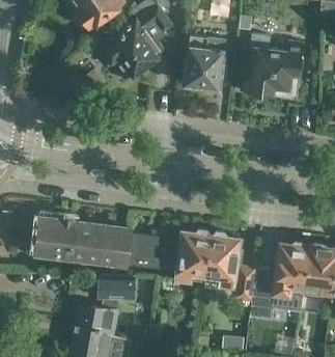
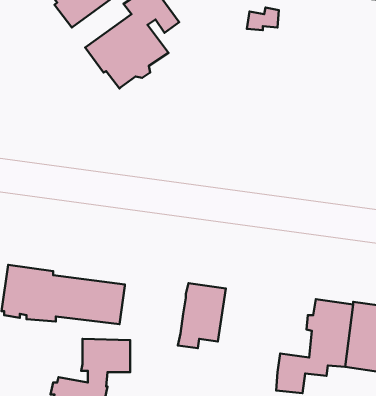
building: [242,35,304,95] -> none
building: [185,37,229,93] -> none
building: [128,234,179,271] -> none
building: [204,236,256,301] -> none

